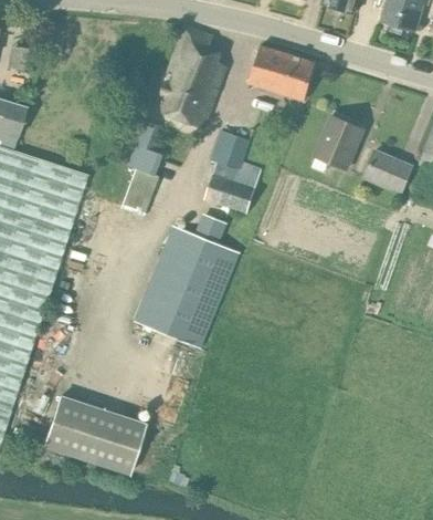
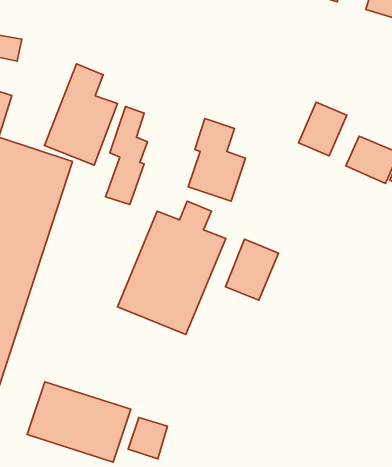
building: [154,24,226,126] -> [45,64,117,165]
building: [247,44,316,101] -> none
building: none -> [225,239,279,300]
building: none -> [128,417,168,459]

